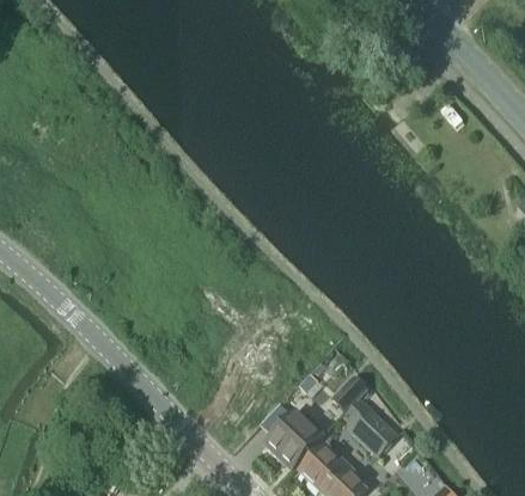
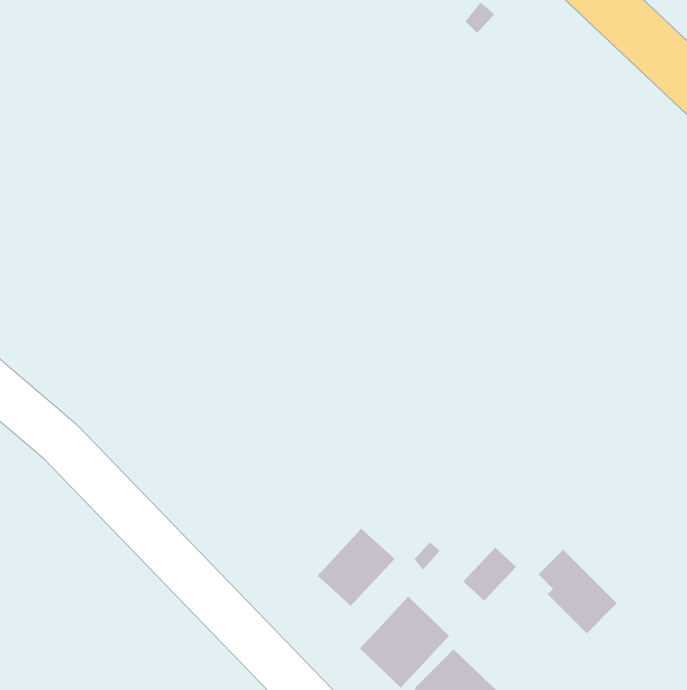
building: none -> [317,528,395,607]
building: [346,398,398,454] -> [538,549,618,634]

